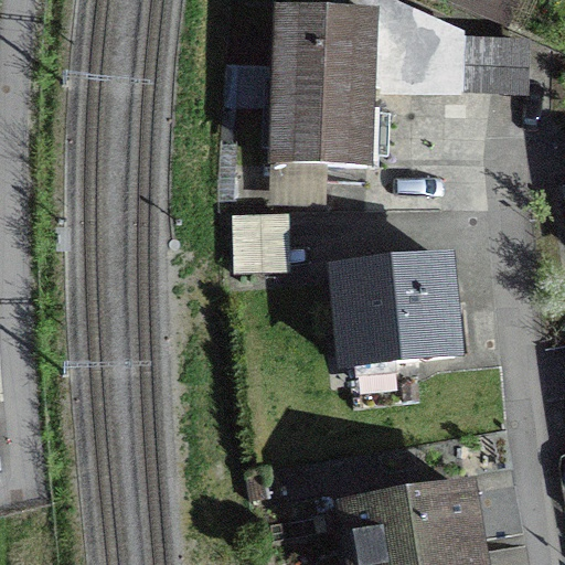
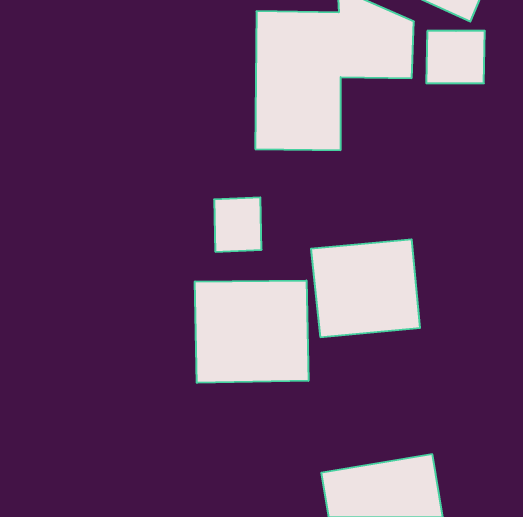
building: none -> [195,280,308,383]

